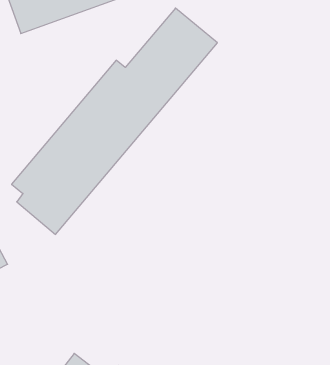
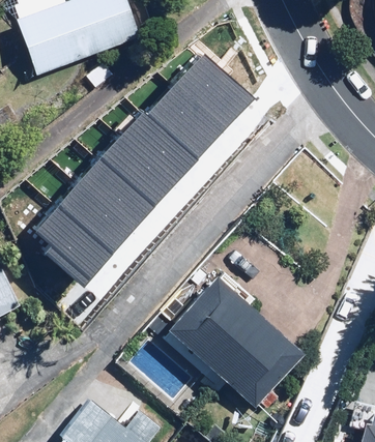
building: none -> [169,275,306,409]

